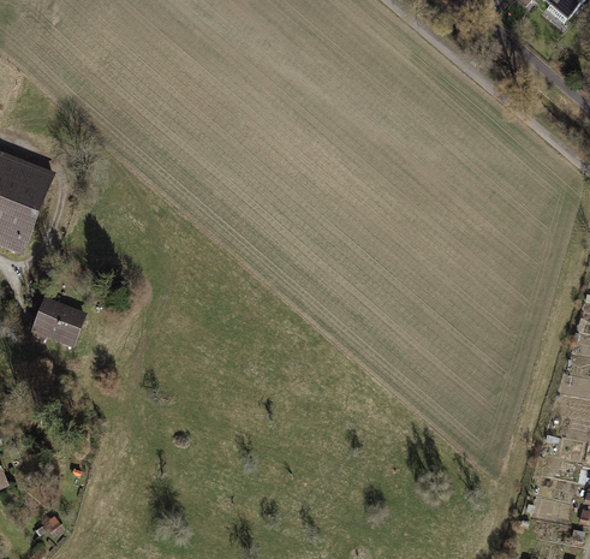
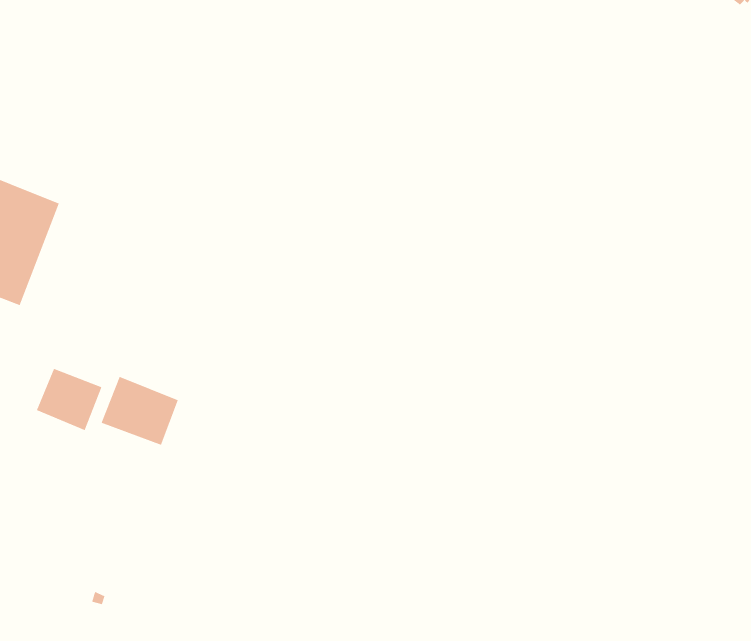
building: none -> [100,376,179,446]

